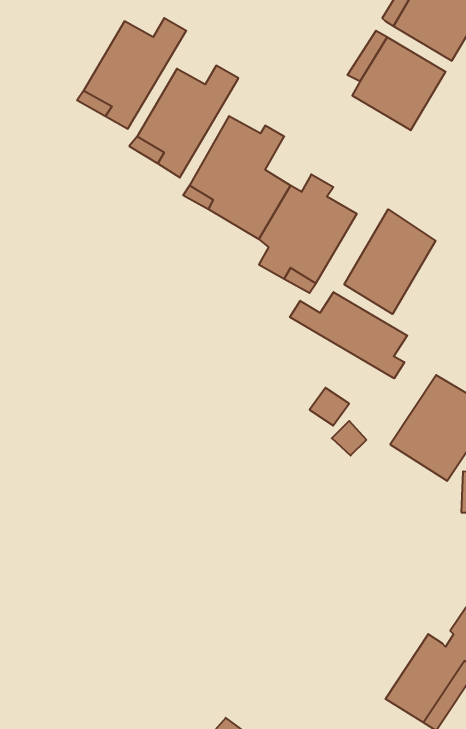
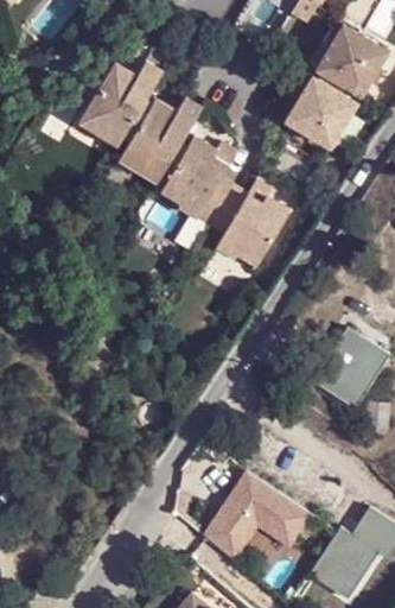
building: [344,209,436,314] -> none
building: [290,292,407,378] -> none
building: none -> [209,473,310,556]

